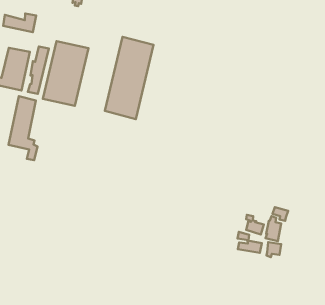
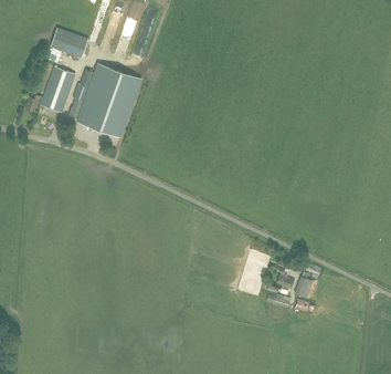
building: [105,37,153,119] -> none
building: [8,96,38,160] -> none

